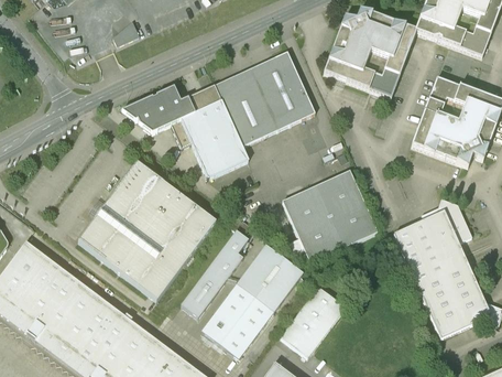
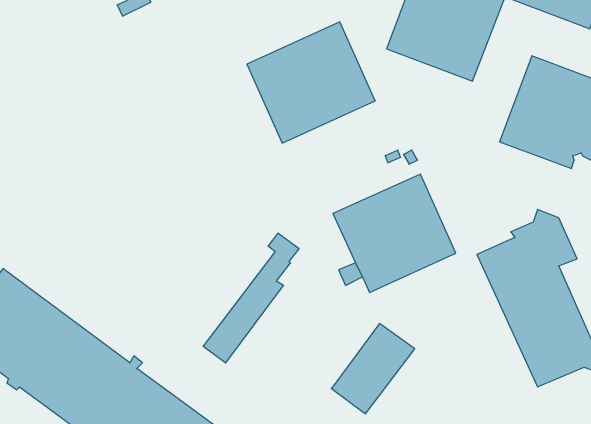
building: [122,84,249,179] -> none
building: [78,162,216,300] -> none
building: [201,245,303,358] -> none

